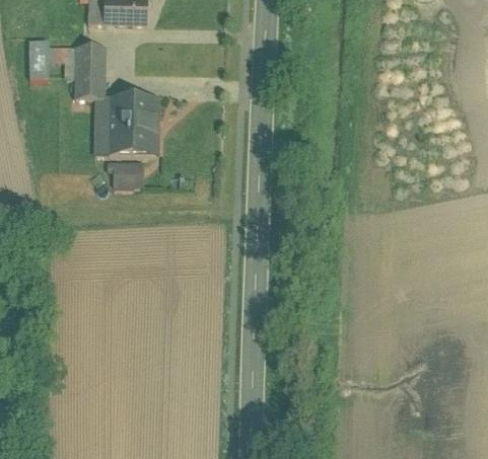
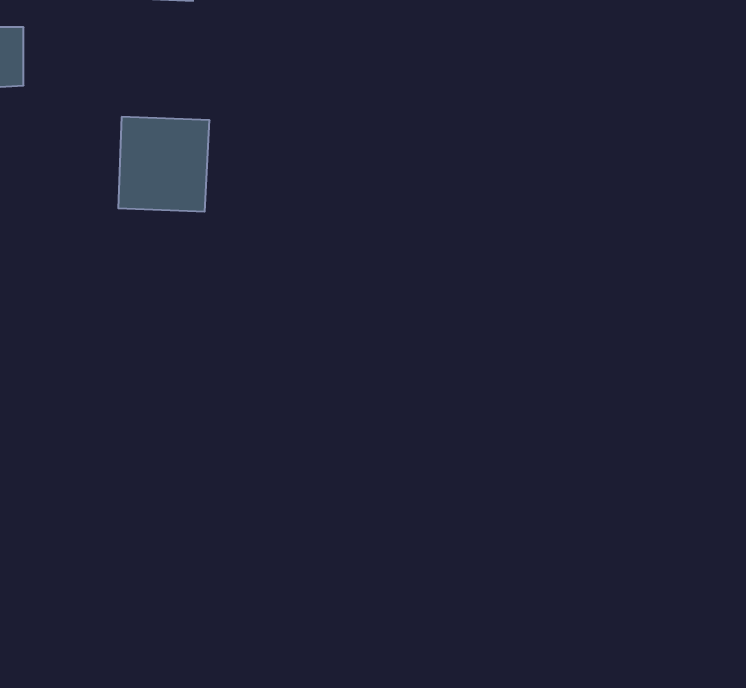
building: [70,45,100,95] -> none
building: [116,162,142,185] -> none

